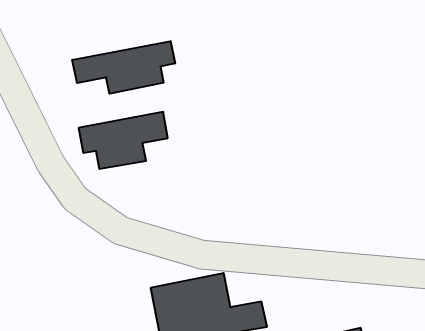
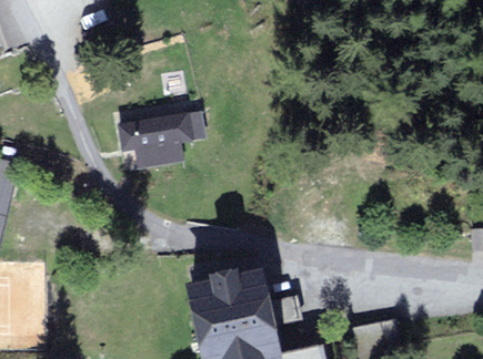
building: [72,41,175,94] -> none

